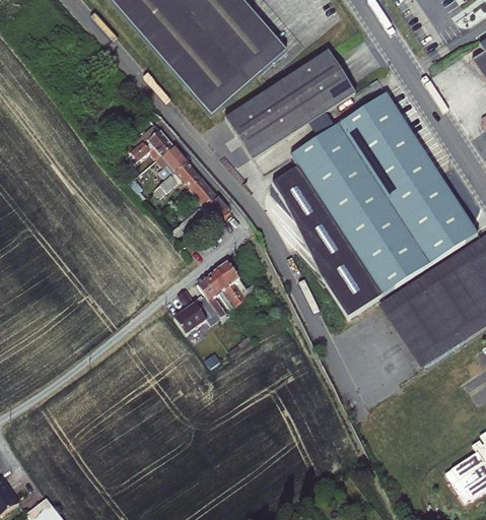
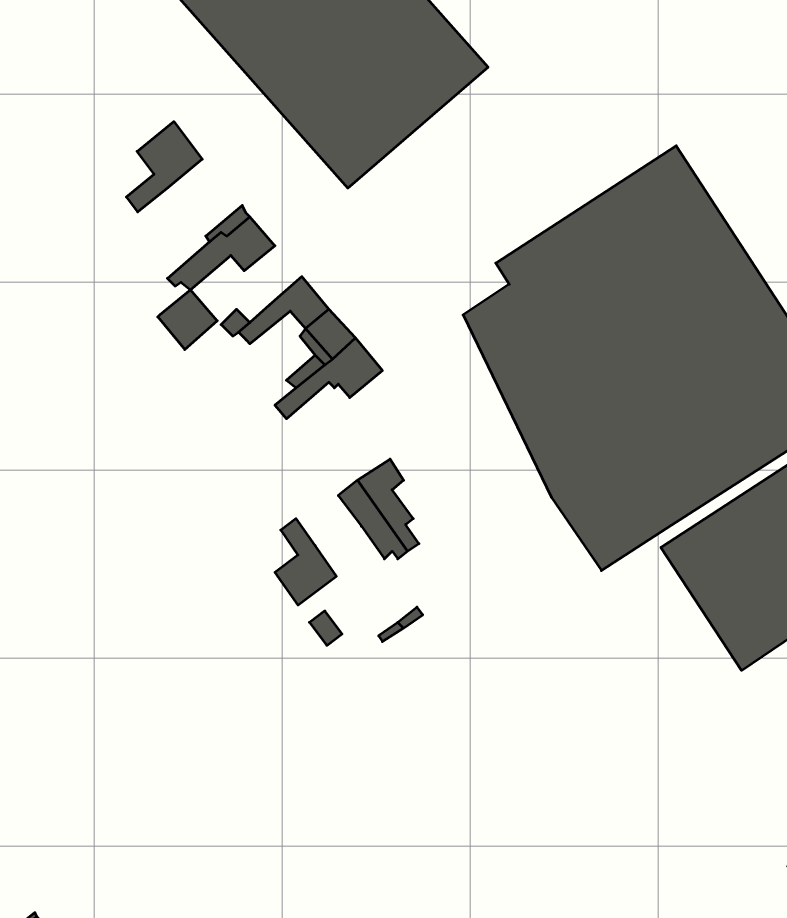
building: [225,49,356,157] -> none
building: none -> [126,122,202,212]
building: [157,143,189,175] -> [158,290,217,350]
building: [196,275,226,323] -> none

